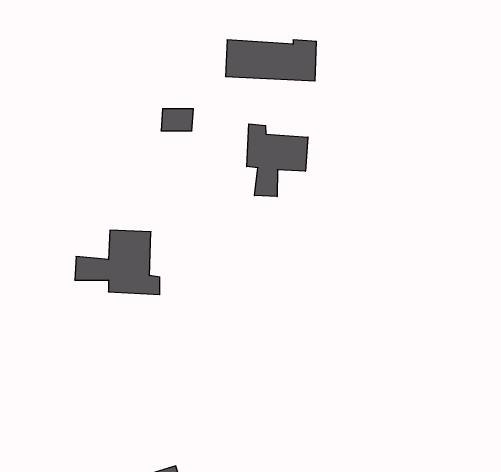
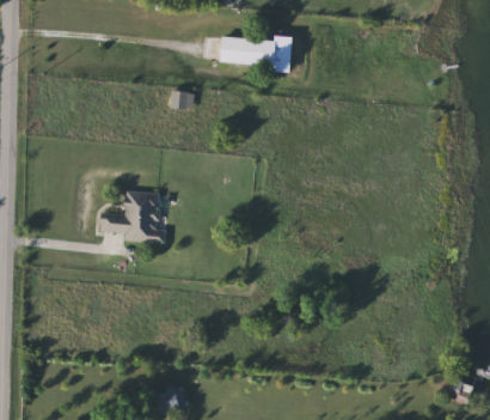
building: [247,124,308,197] -> none

